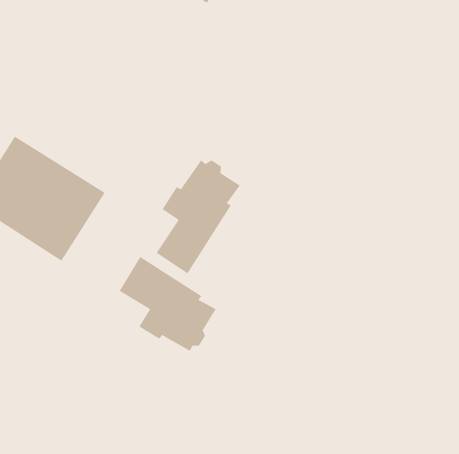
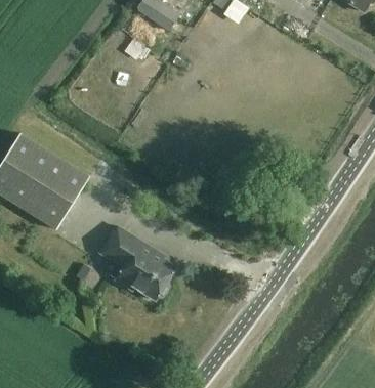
building: [156,159,241,274] -> none

